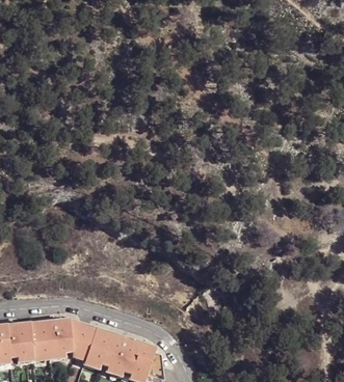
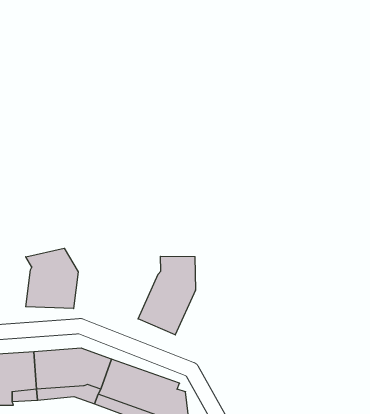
building: none -> [26,248,78,309]
building: none -> [138,256,195,335]

